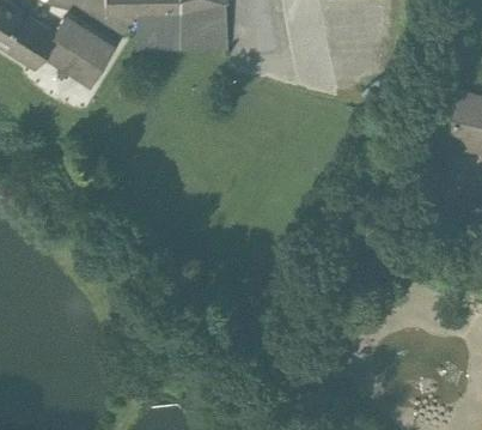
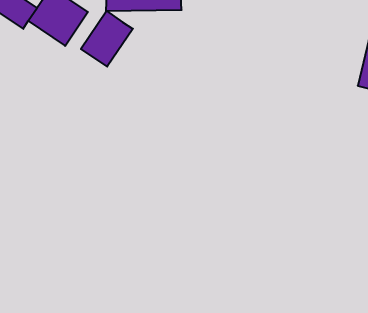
building: none -> [81,11,133,67]

